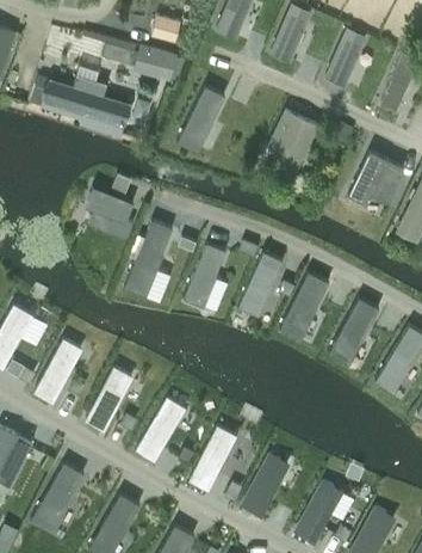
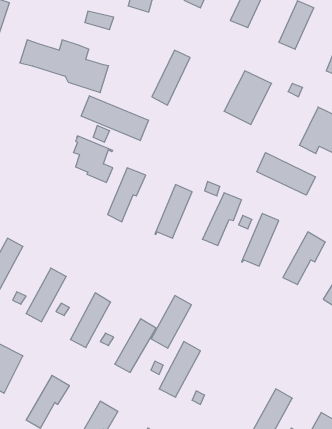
building: [137,47,178,79] -> none
building: none -> [81,96,148,141]
building: none -> [257,153,315,195]
building: [242,454,288,515] -> [151,296,191,348]

